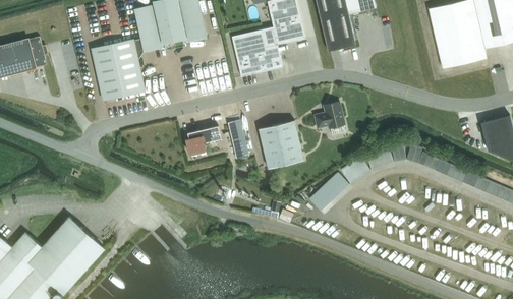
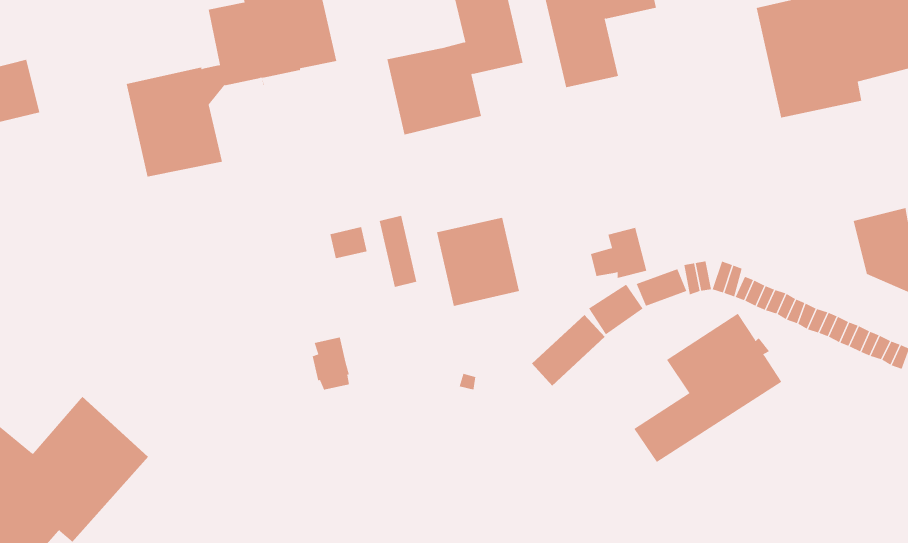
building: [315,101,345,128] -> [590,227,647,278]
building: [186,129,207,158] -> [312,337,350,390]
building: none -> [633,313,782,463]

